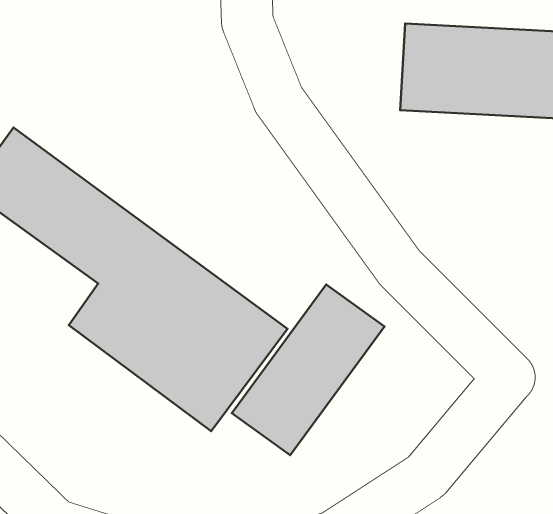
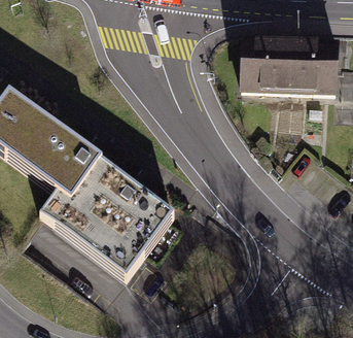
building: [232,284,385,455] -> none

